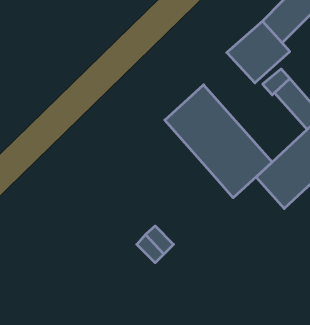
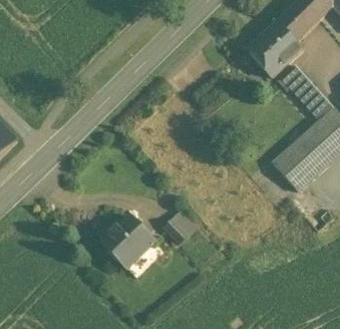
building: [165,85,272,198] -> none
building: none -> [99,216,150,267]

